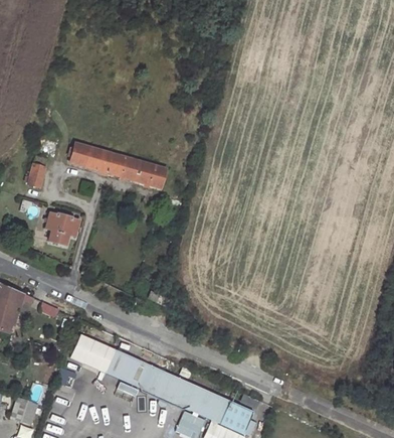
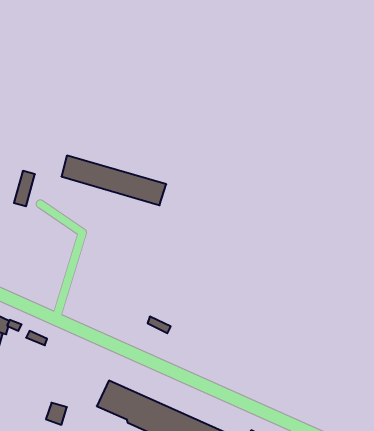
building: [45,213,79,246] -> none
building: [69,333,115,372] -> none

